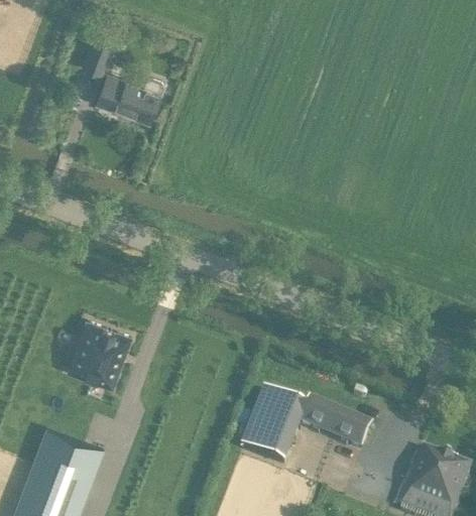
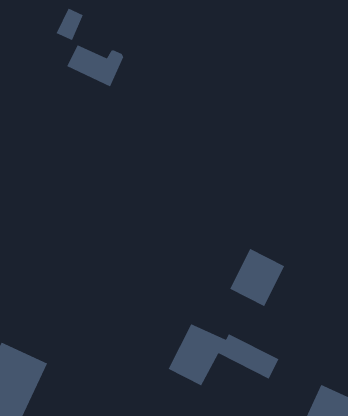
building: none -> [229,248,285,307]
building: [68,321,131,389] -> none

